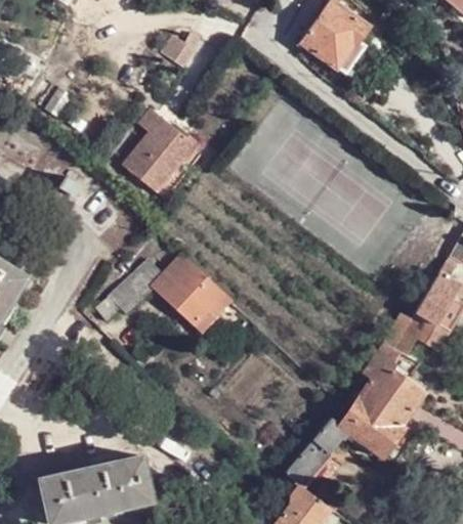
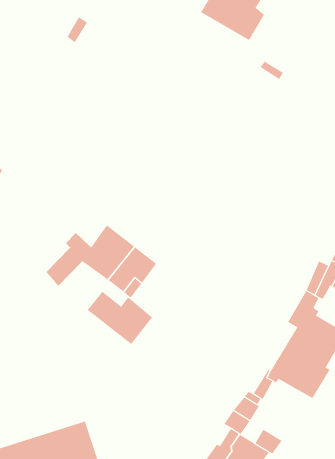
building: [121,111,197,193] -> none
building: none -> [87,291,153,345]

